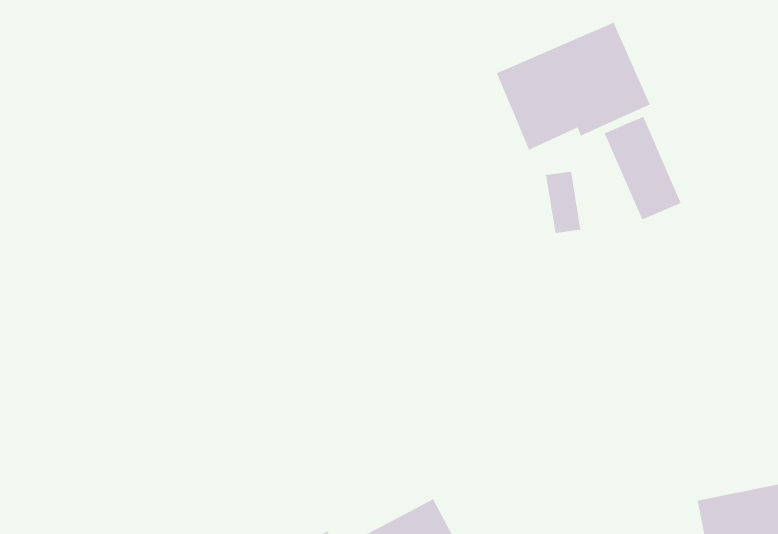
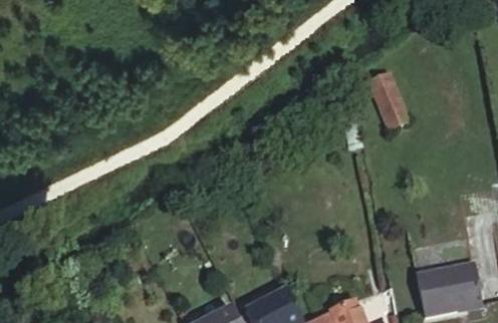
building: [496,22,650,151] -> none

